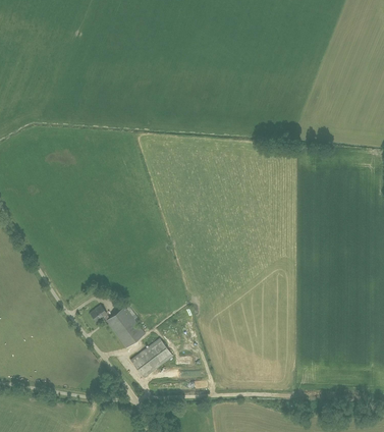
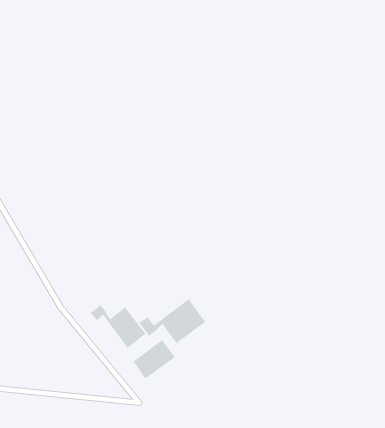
building: none -> [138,298,206,344]

